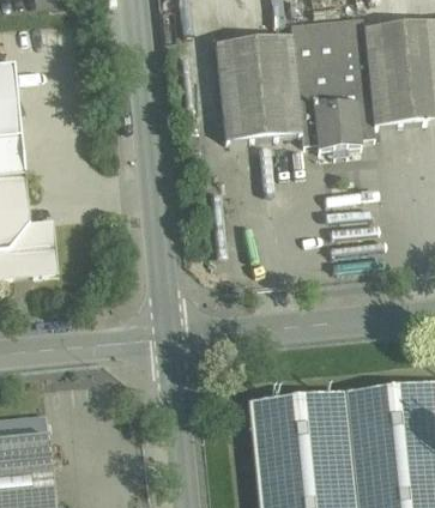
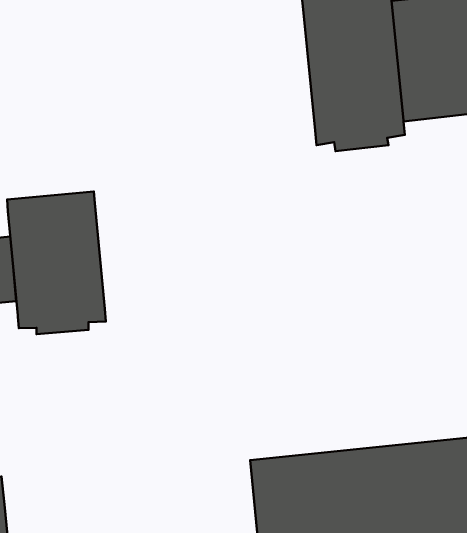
building: [217,35,302,141] -> none
building: none -> [7,192,106,334]

